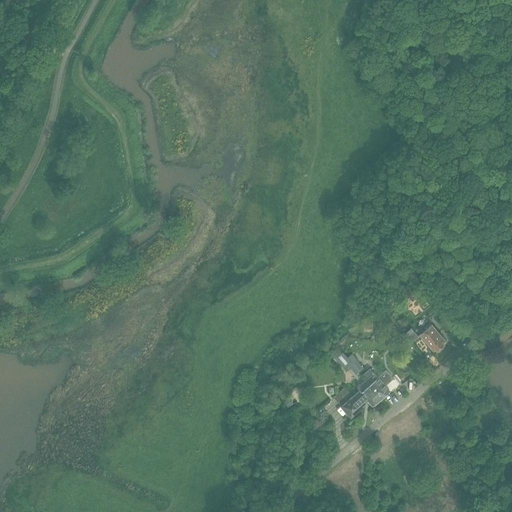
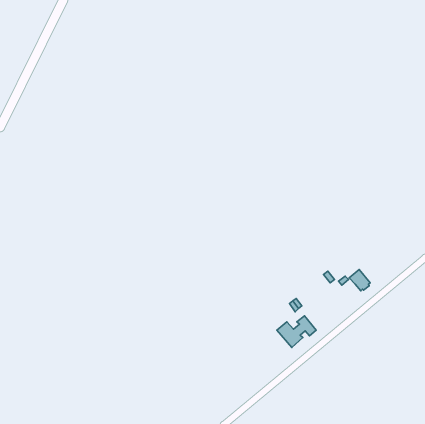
building: [366,371,392,398] -> none

